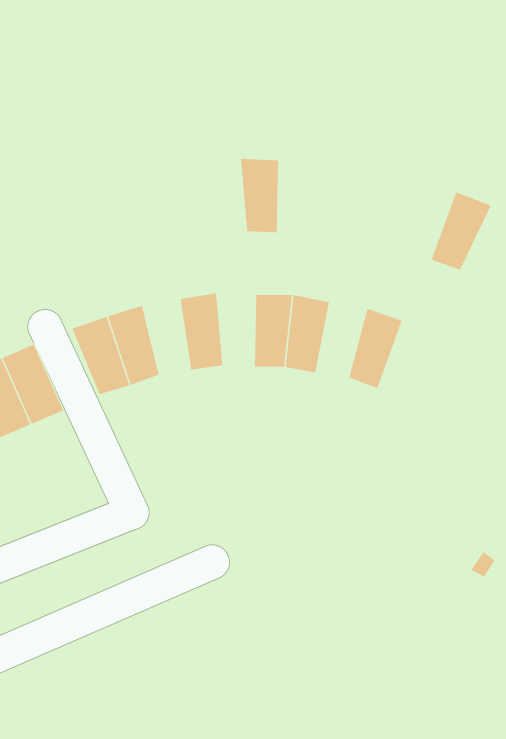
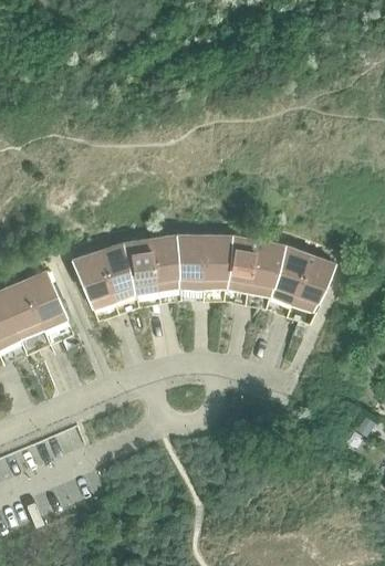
building: [240,159,279,233] -> [175,235,202,289]
building: [431,192,491,271] -> [290,255,333,312]
building: none -> [122,240,156,294]
building: none -> [246,242,282,296]

